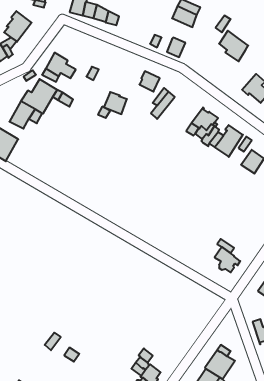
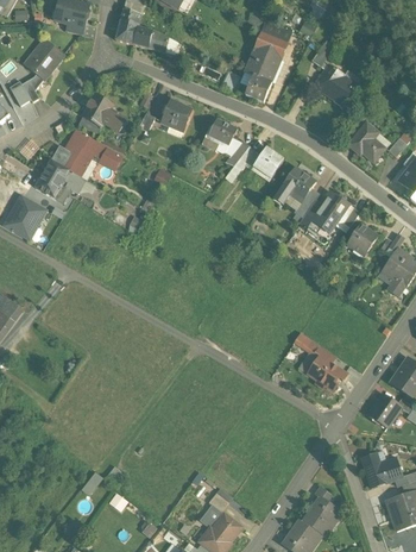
building: none -> [244,48,281,81]
building: [104,92,127,114] -> [160,100,191,130]
building: none -> [252,148,283,178]

